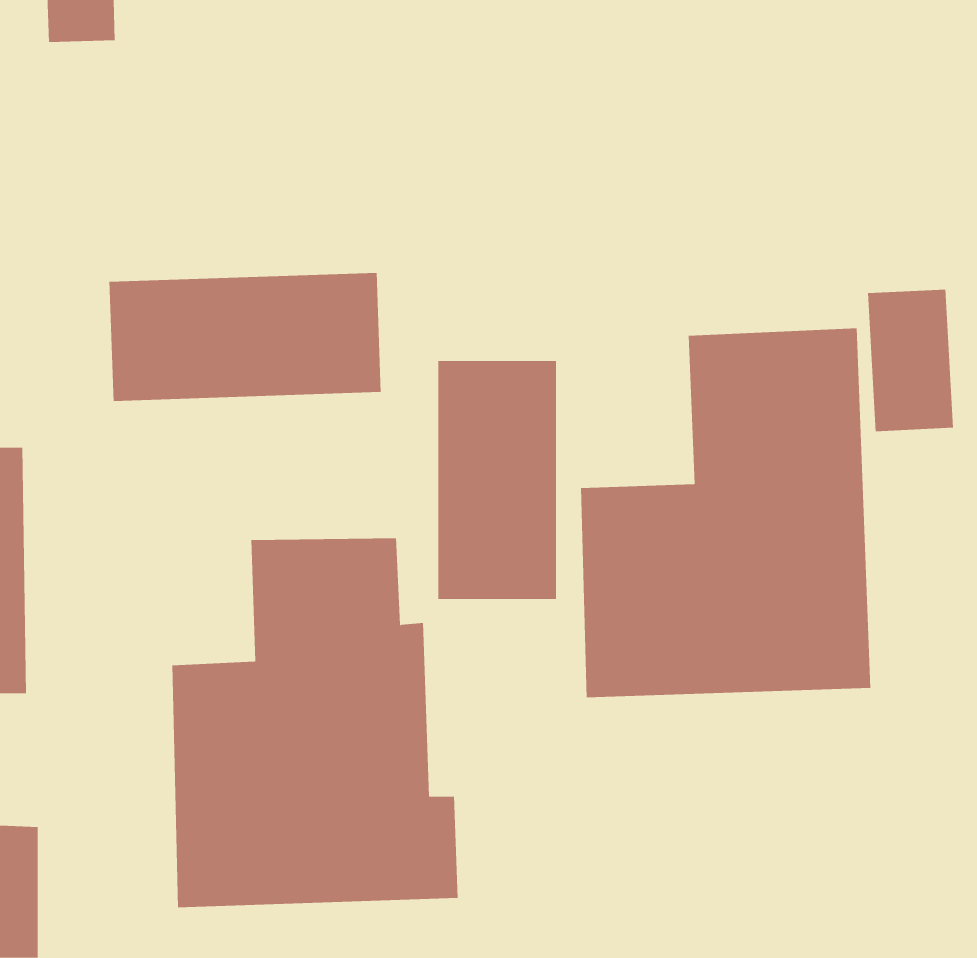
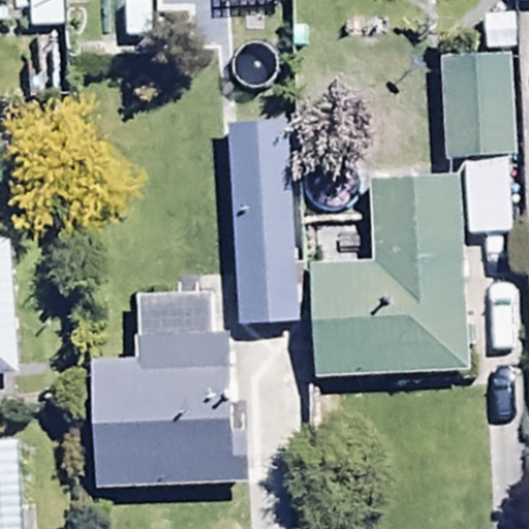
building: none -> [444,51,511,149]
building: [109,272,381,402] -> none

